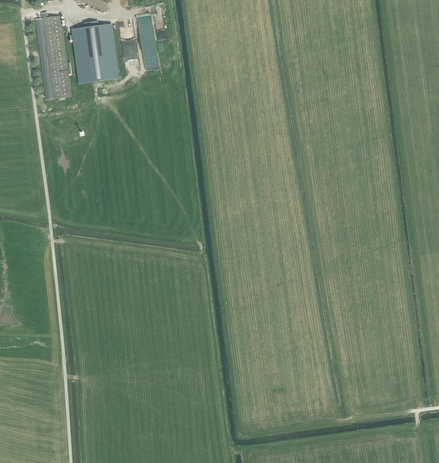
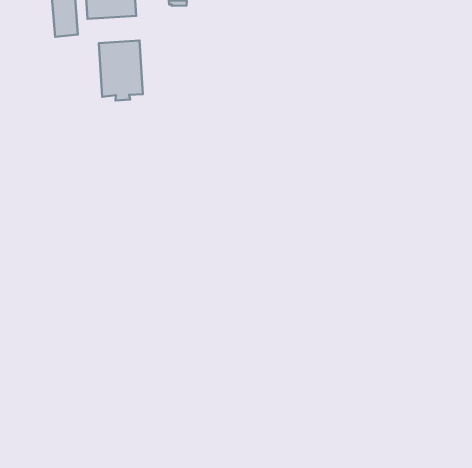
building: none -> [99,40,143,100]

